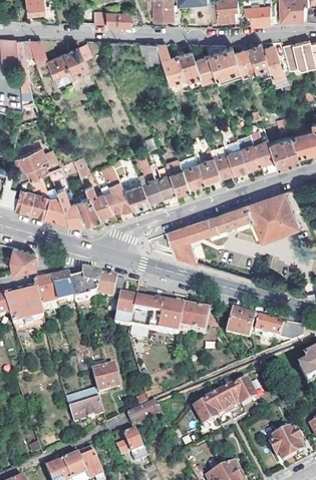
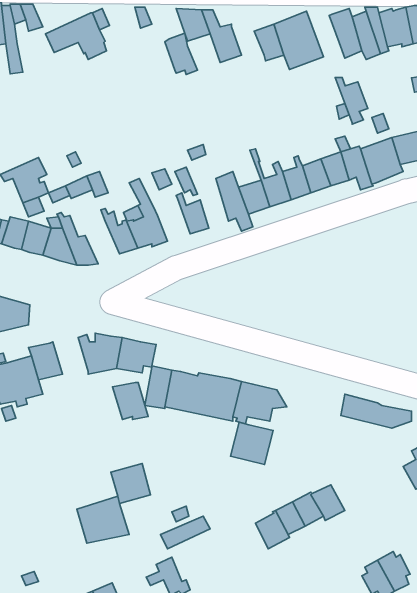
building: [230,45,253,78] -> [335,77,368,124]
building: [177,50,200,79] -> [165,33,197,74]
building: [154,173,178,205] -> none
building: [124,177,147,207] -> none
building: [72,193,99,225] -> none
building: [142,193,302,263] -> none
building: [50,276,75,302] -> [113,383,148,419]
building: [224,309,254,339] -> [230,422,273,465]

